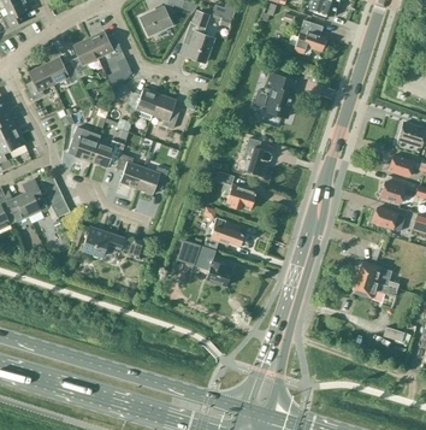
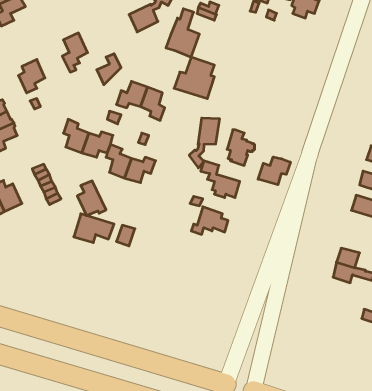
building: [288,20,325,54] -> none
building: [87,30,122,58] -> none
building: [43,57,78,84] -> none
building: [252,73,294,117] -> [174,57,214,99]
building: none -> [189,118,219,168]
building: none -> [258,157,290,185]
building: [18,179,48,216] -> [77,181,106,216]
building: [177,241,231,287] -> none

